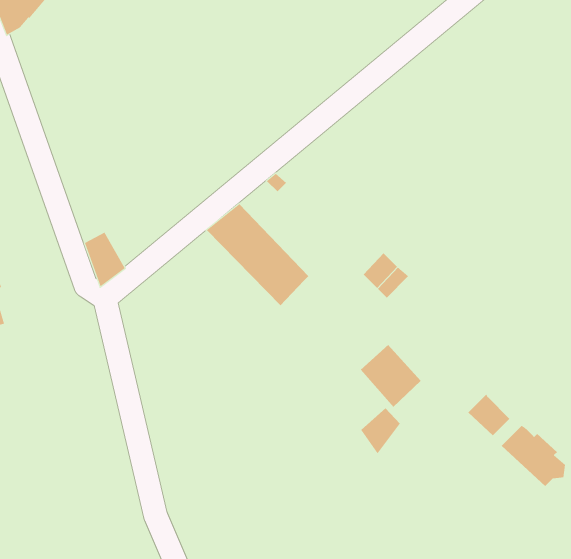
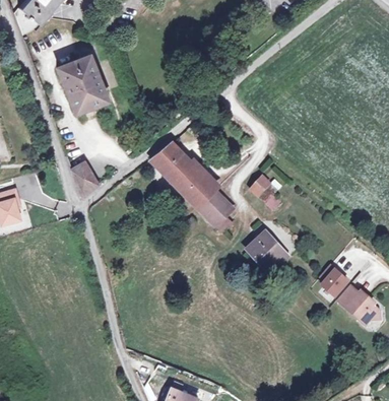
building: none -> [57,55,108,113]
building: none -> [197,192,231,233]
building: [360,408,400,454] -> none

